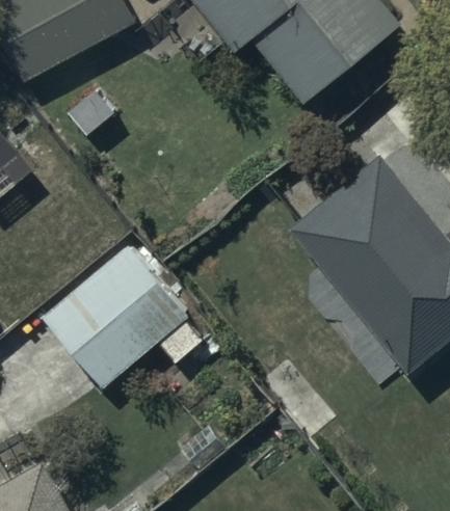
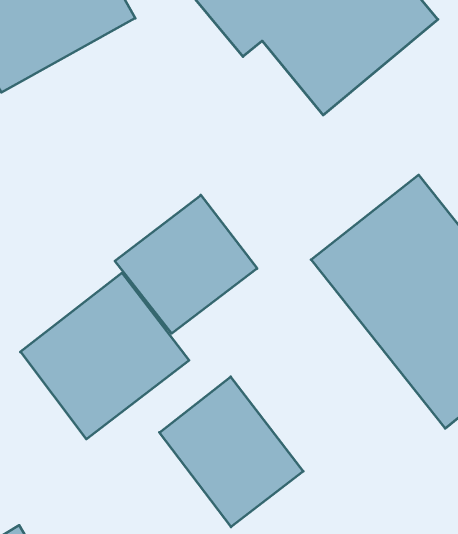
building: none -> [115,195,257,333]
building: none -> [159,377,303,527]

